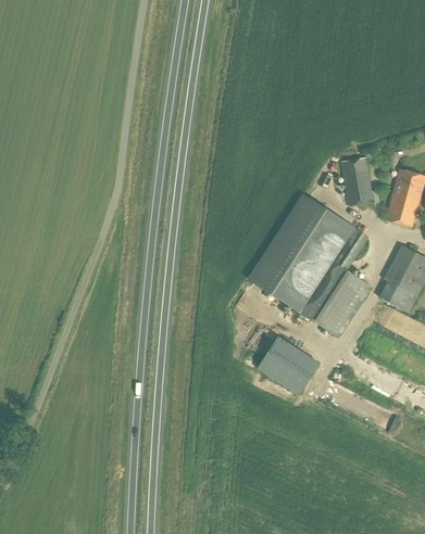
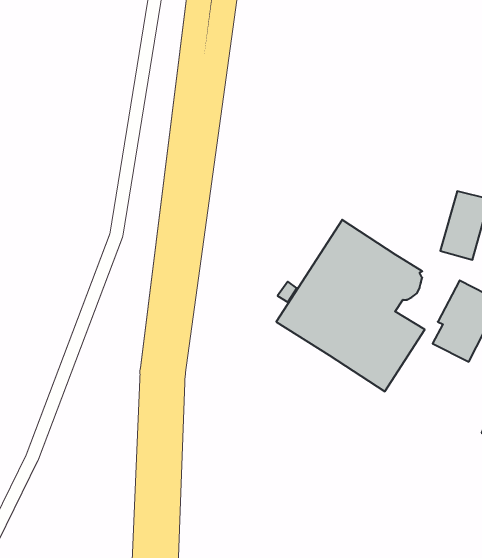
building: [340,157,374,206] -> none
building: [257,335,317,393] -> none

